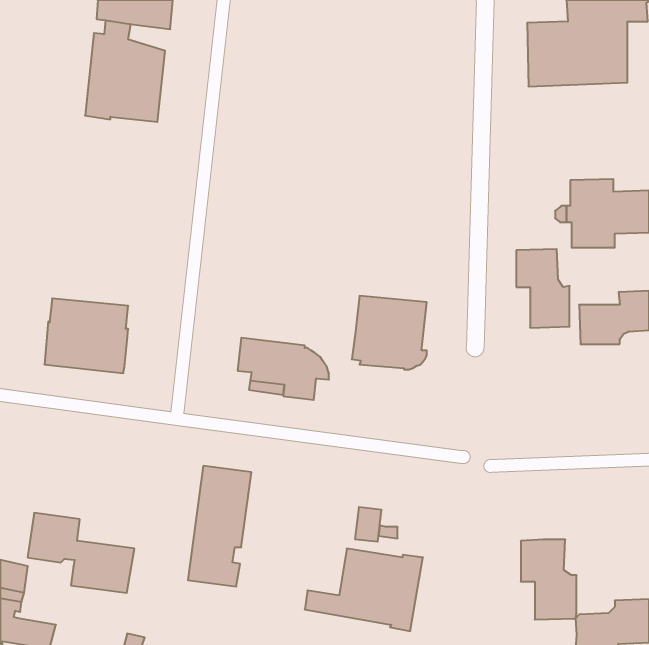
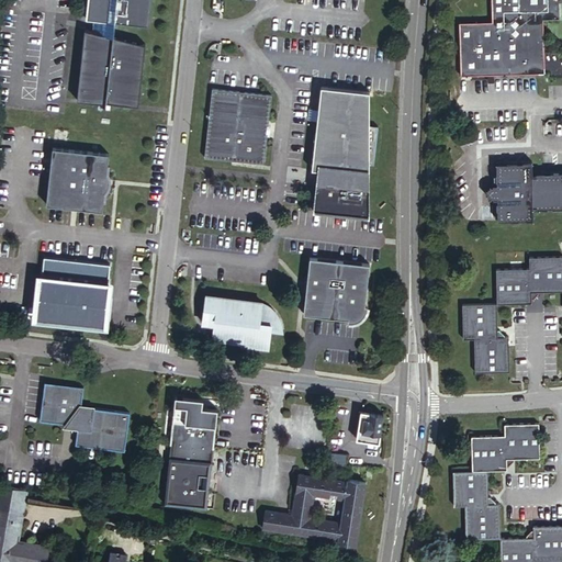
building: none -> [310,88,375,218]
building: none -> [204,90,269,165]
building: none -> [42,151,106,215]
building: [516,249,570,328] -> [467,301,513,369]
building: none -> [469,423,541,470]
building: [355,507,382,542] -> [358,415,381,445]
building: [28,513,134,593] -> [37,383,130,452]

